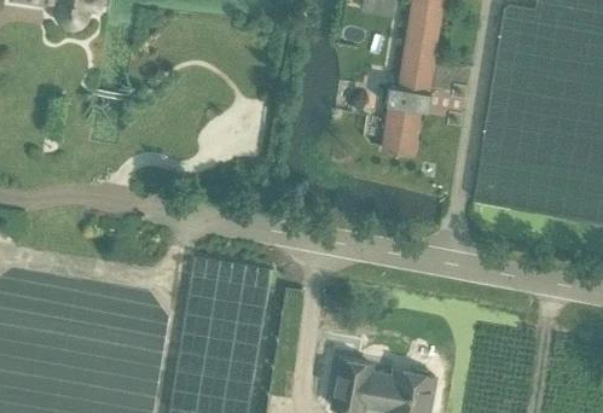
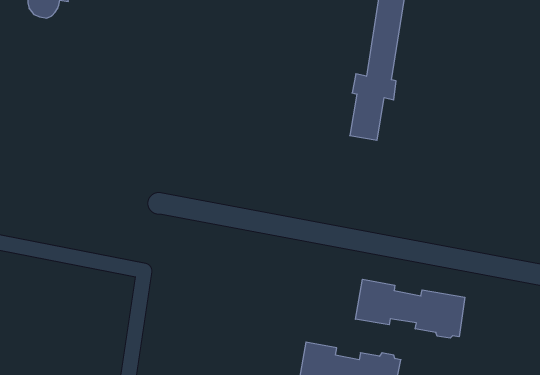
building: none -> [355,279,465,338]

